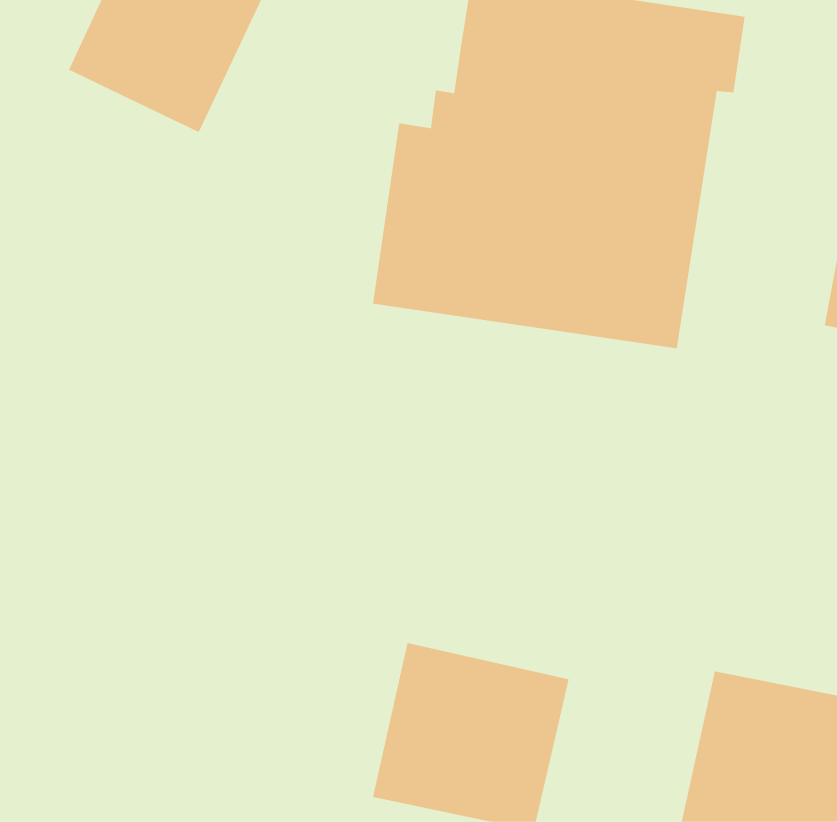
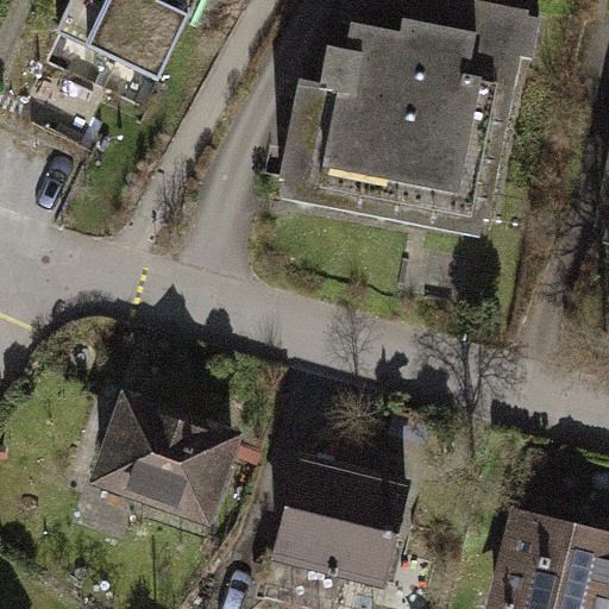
building: none -> [83,390,240,525]

